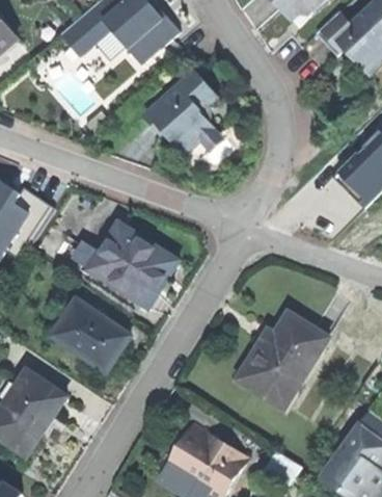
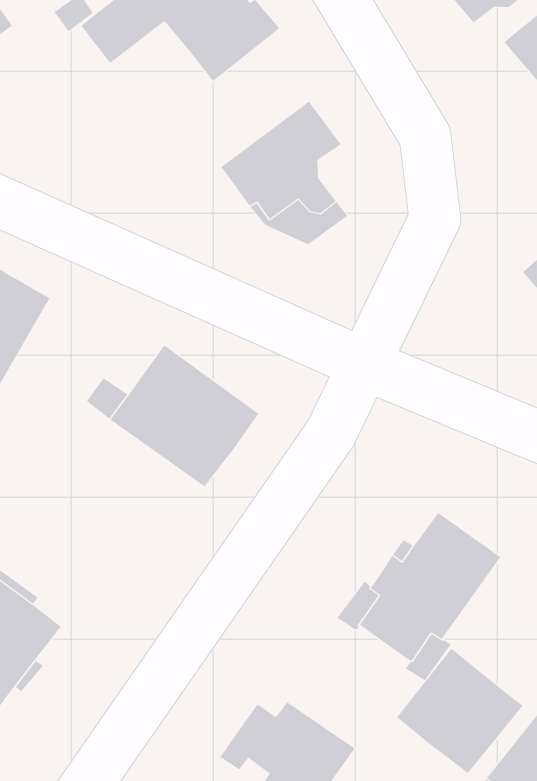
building: [52,300,129,371] -> none
building: none -> [396,648,524,774]

